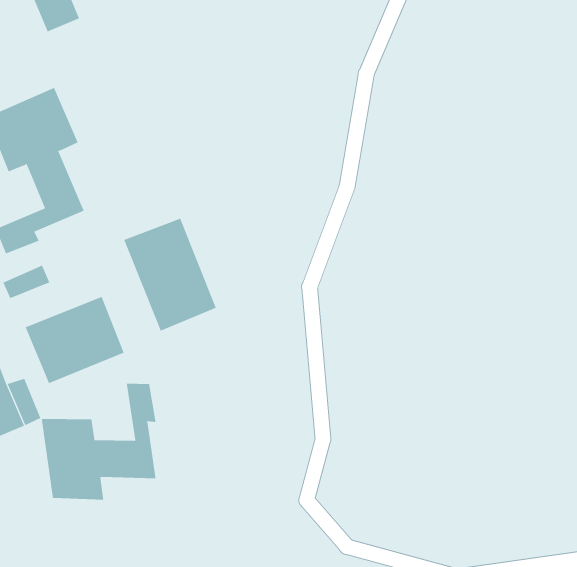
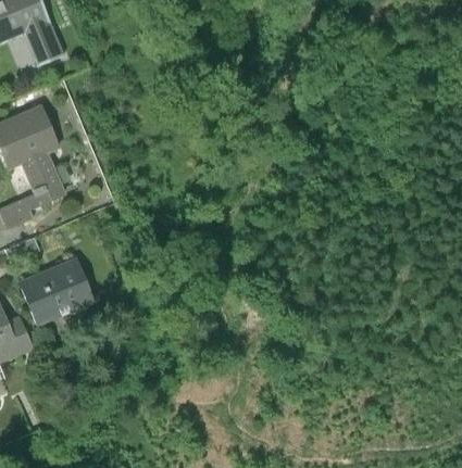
building: [124,218,216,331] -> none
building: [41,383,156,500] -> none

